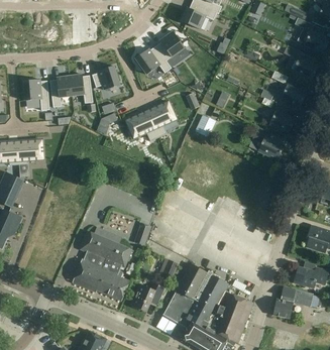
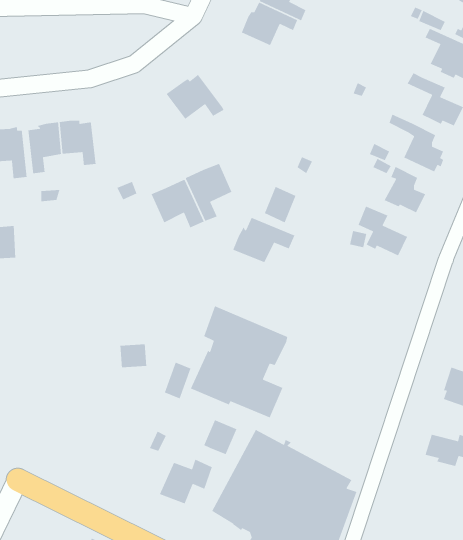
building: [154,31,184,67] -> none
building: [91,67,119,91] -> none
building: none -> [232,217,295,263]
building: [72,231,132,301] -> [190,305,288,419]
building: [272,289,312,319] -> none

